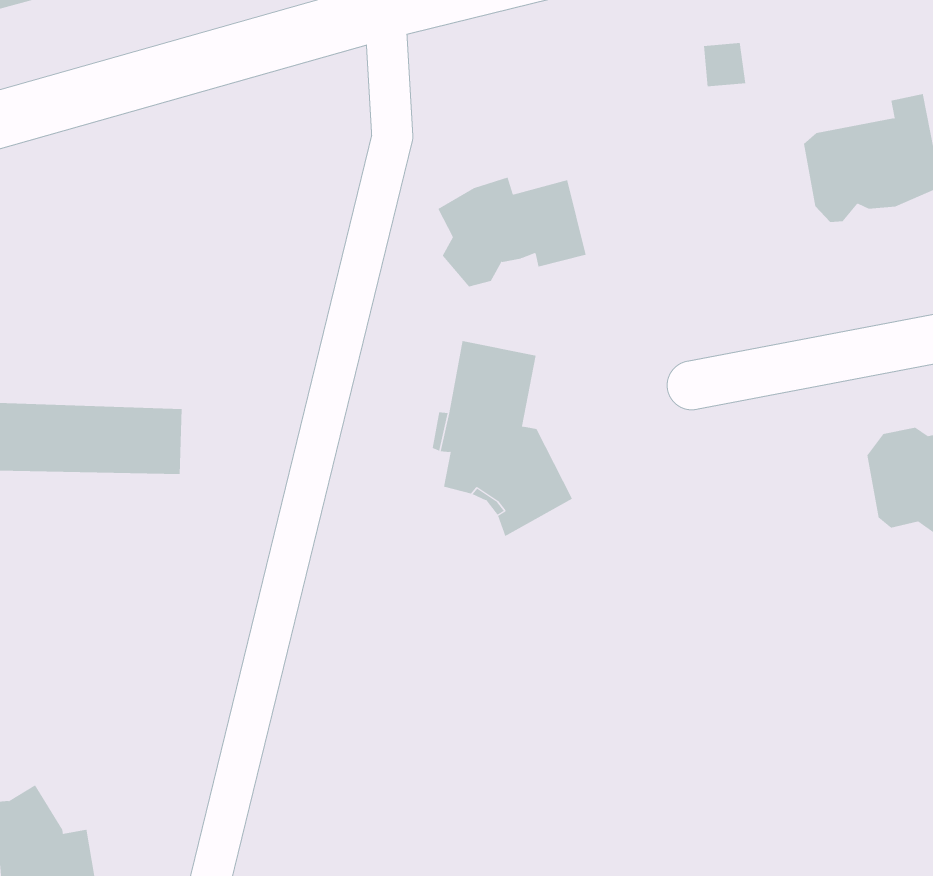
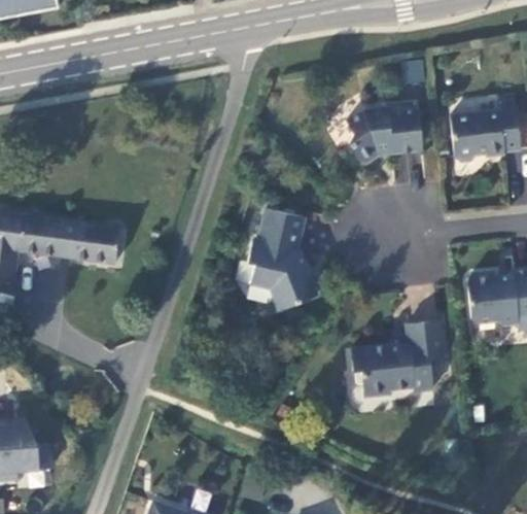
building: [438,177,586,287] -> [349,105,424,161]
building: none -> [350,320,443,392]

